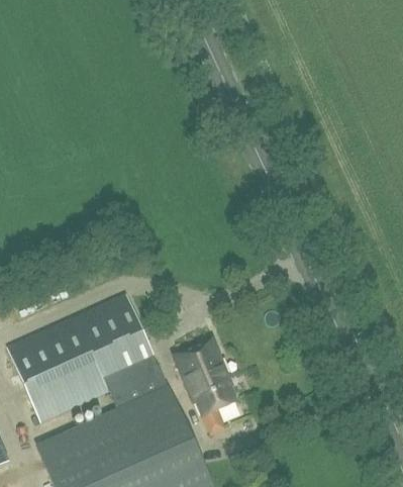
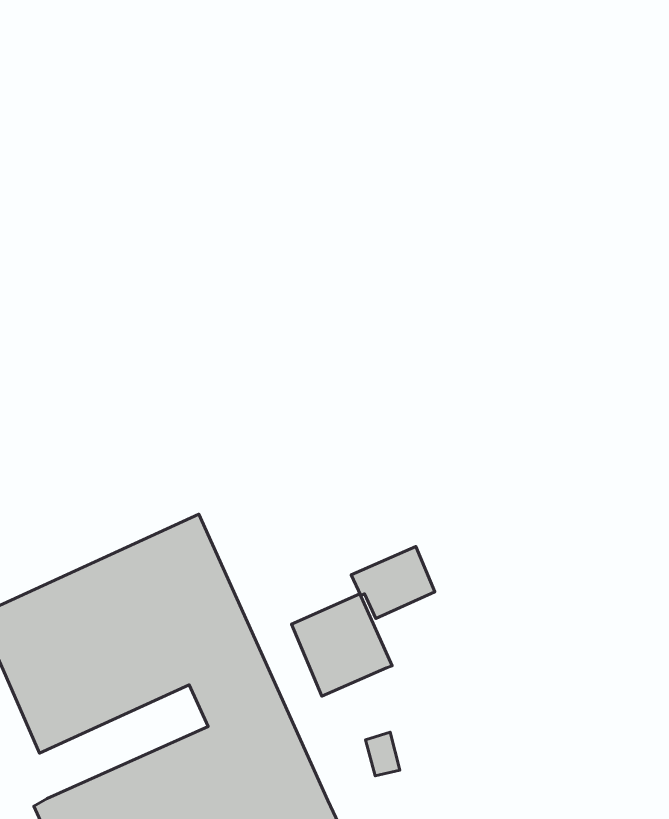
building: [191,377,235,415] -> [351,546,435,618]

